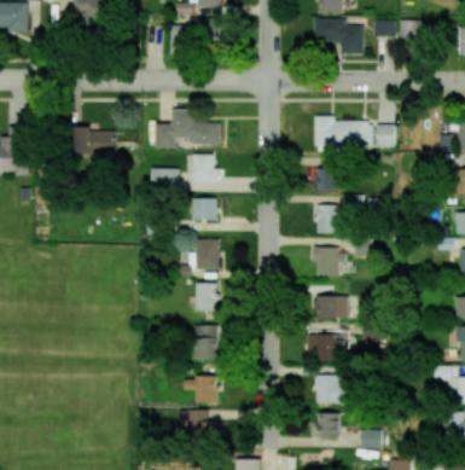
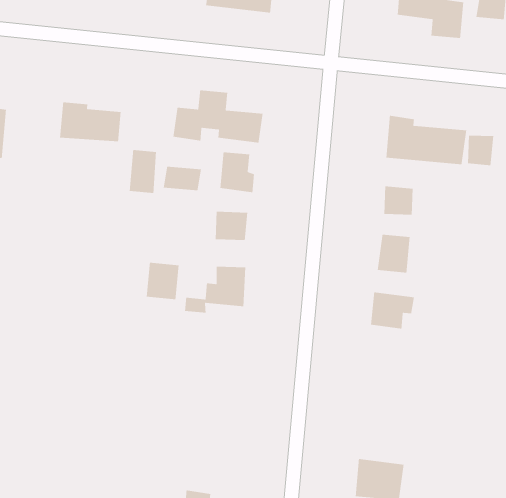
building: none -> [129,149,157,194]
building: [196,283,219,309] -> [146,262,179,300]
building: [315,295,348,318] -> none
building: [193,324,219,359] -> none
building: [307,332,344,360] -> none
building: [184,376,219,402] -> none

